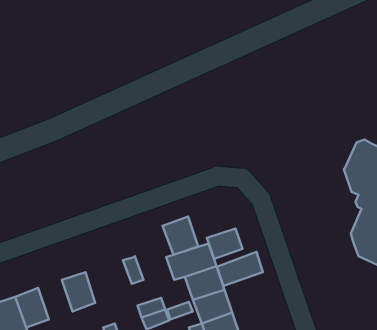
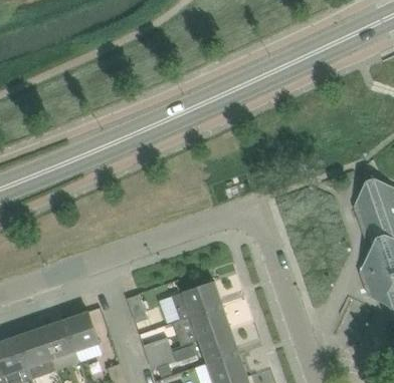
building: [163,217,198,255] -> none
building: [207,228,242,259] -> none
building: [217,252,263,286] -> none
building: none -> [41,319,76,359]

